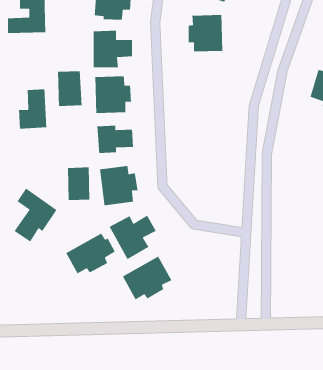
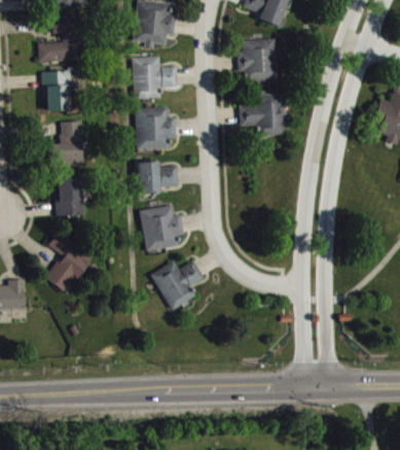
building: none -> [239,94,285,136]
building: [57,70,82,107] -> [42,71,70,111]
building: [67,167,90,201] -> [56,178,81,216]
building: [65,232,116,275] -> none
building: [122,256,172,300] -> none

